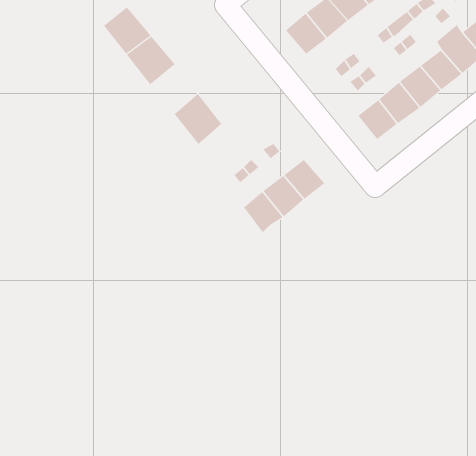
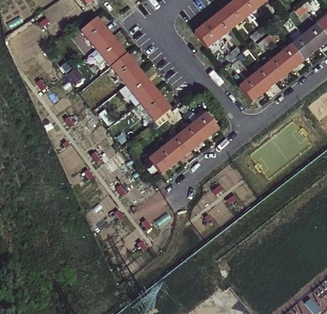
building: none -> [110,53,140,84]
building: none -> [140,90,170,120]
building: none -> [149,142,180,173]

